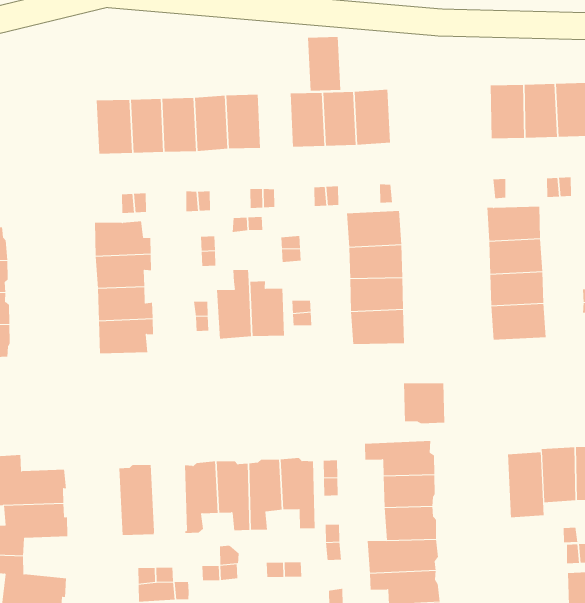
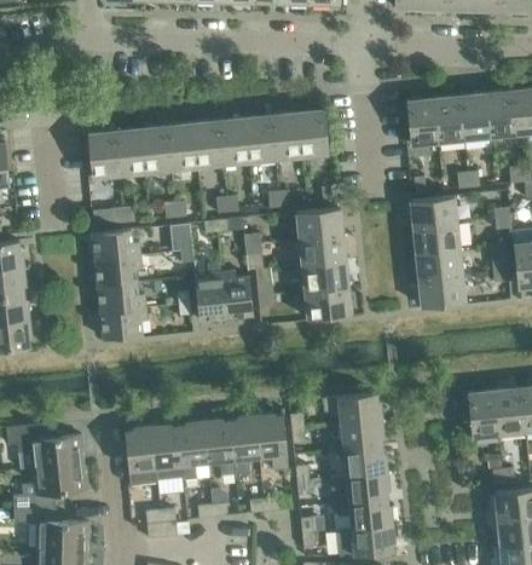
building: [307,36,341,91] -> [219,117,249,163]
building: [403,383,445,424] -> none
building: [507,451,544,518] -> none
building: none -> [151,423,183,480]

